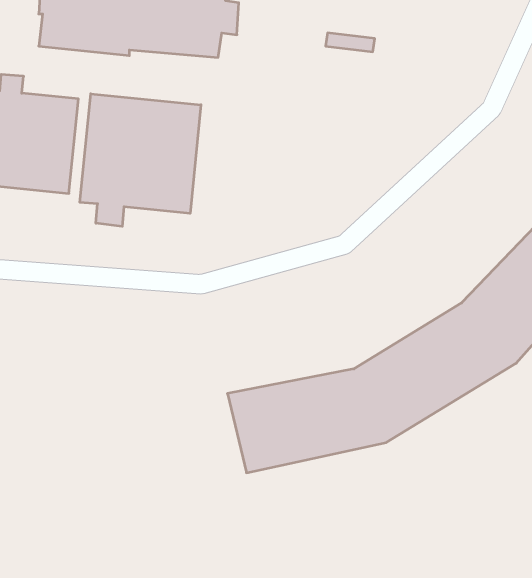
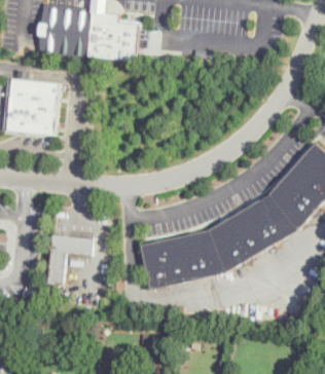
building: [80,94,201,226] -> none
building: none -> [48,234,92,282]

